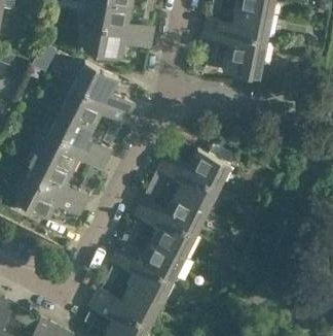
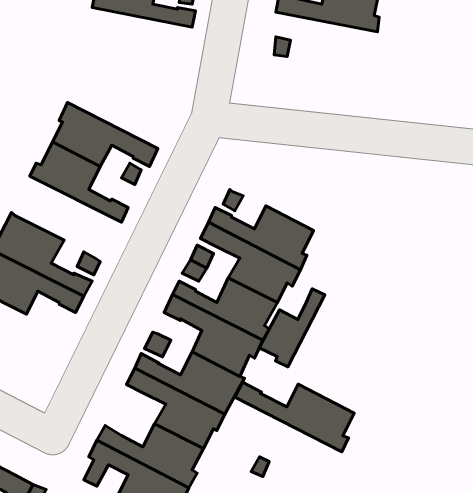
building: [87,25,152,59] -> none
building: [202,28,268,78] -> none
building: [74,64,136,113] -> none
building: [41,131,108,171] -> none
building: none -> [259,289,325,367]
building: none -> [235,382,354,452]

